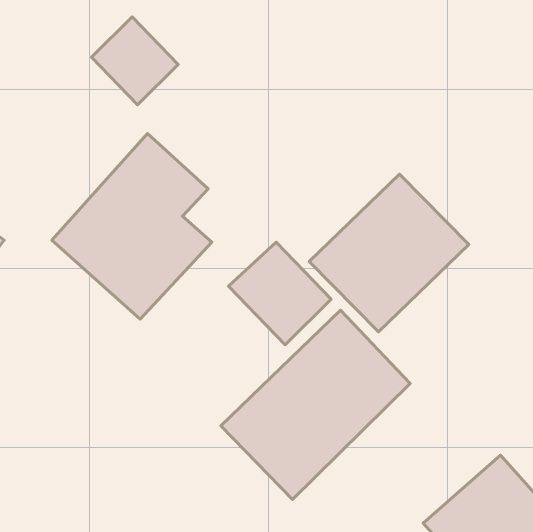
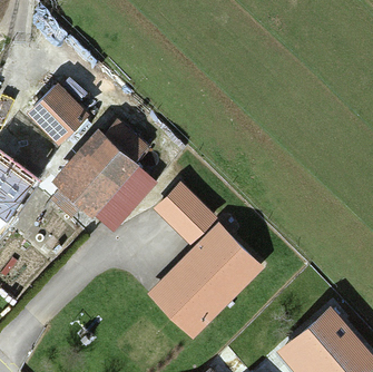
building: [92,17,178,105] -> [29,86,81,139]
building: [309,174,469,332] -> none

